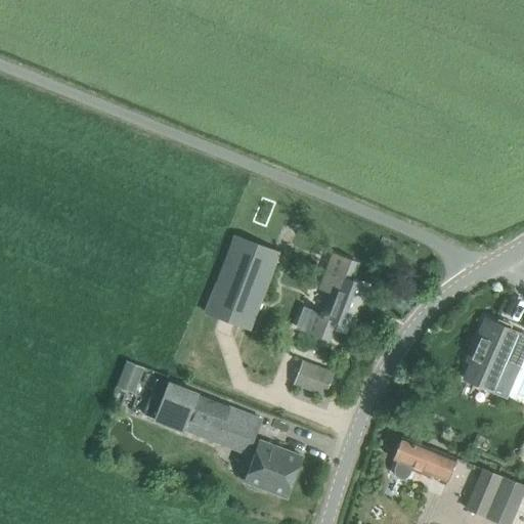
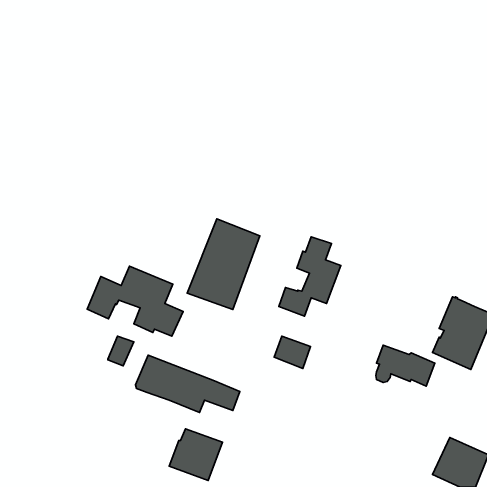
building: none -> [87,266,183,336]
building: [393,438,456,482] -> [376,345,435,386]
building: [245,441,302,496] -> [169,429,223,480]

